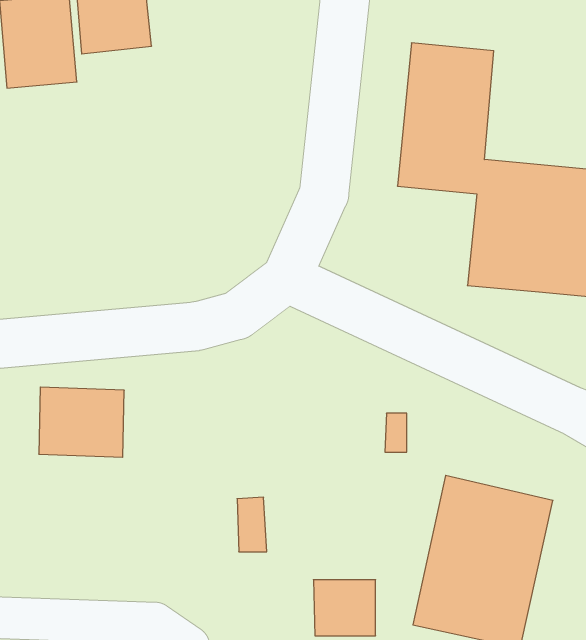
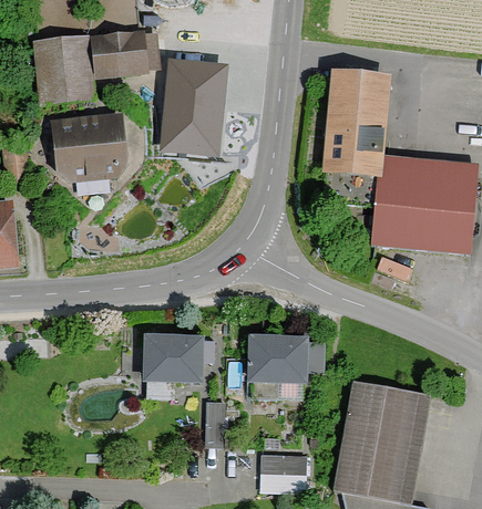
building: none -> [157,59,229,159]
building: none -> [51,116,124,177]
building: [39,387,124,457] -> [142,336,203,386]
building: none -> [248,337,306,383]

